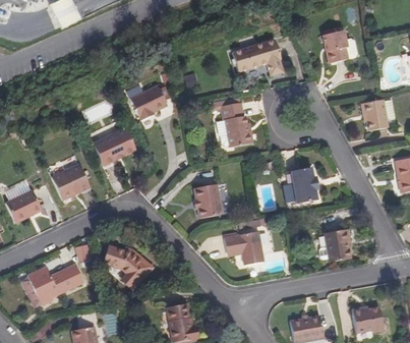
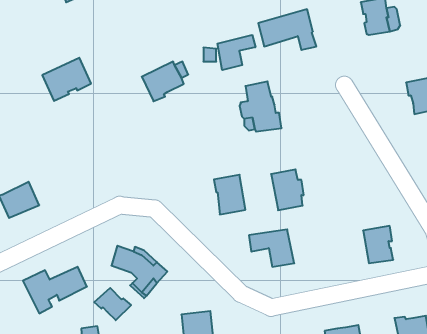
building: none -> [217,35,255,70]
building: [93,127,135,165] -> [42,58,91,101]
building: [51,164,89,198] -> none
building: [290,167,318,203] -> [271,169,304,210]
building: none -> [94,288,131,320]

